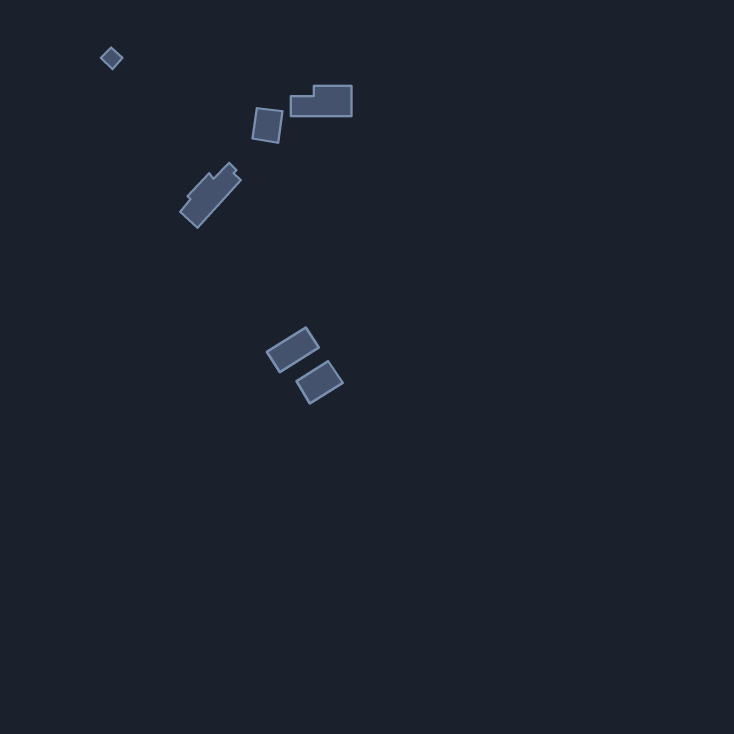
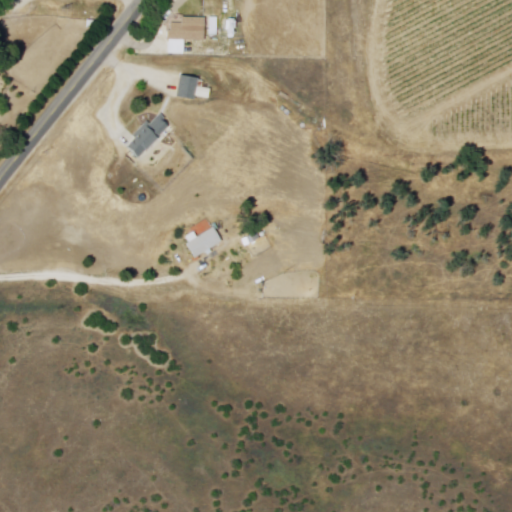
building: [291,86,351,116] -> [169,16,211,37]
building: [297,361,343,404] -> none

